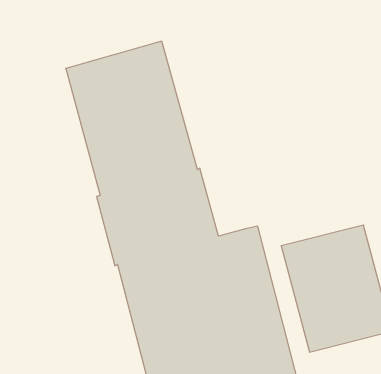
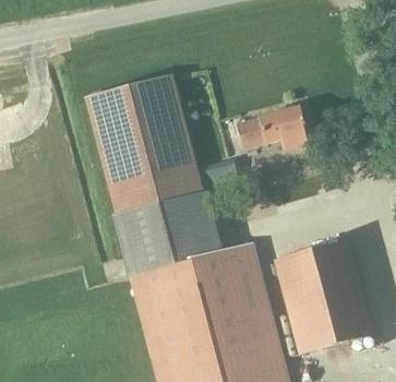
building: none -> [237,105,311,151]

